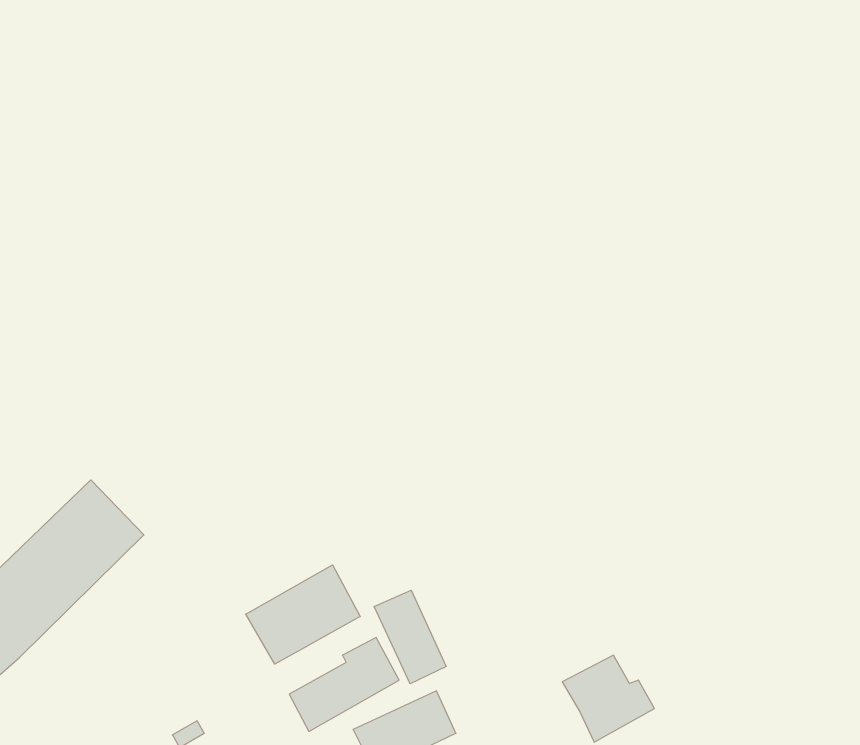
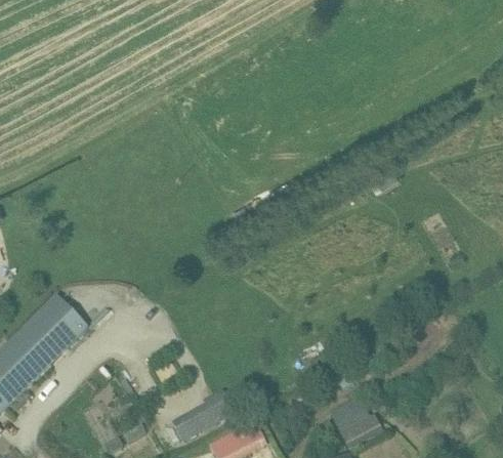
building: [246,565,360,664] -> none
building: [374,590,446,684] -> none

